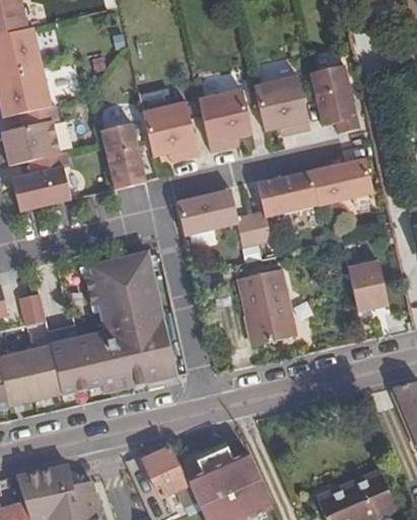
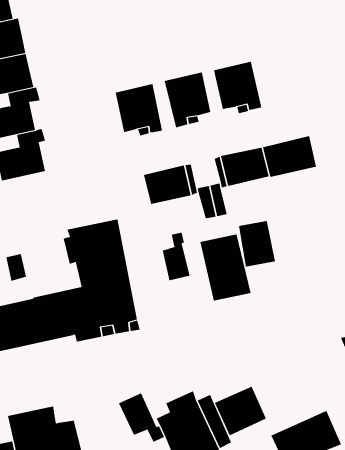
building: [308,63,359,134] -> none
building: [98,122,143,188] -> none
building: [344,259,387,312] -> [238,220,276,267]
building: none -> [162,232,190,281]
building: none -> [214,386,267,436]

